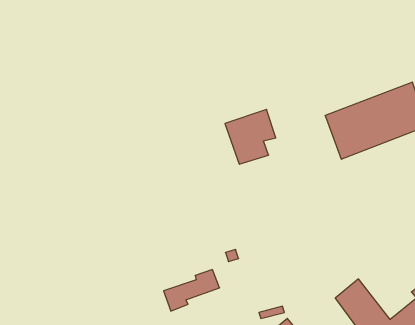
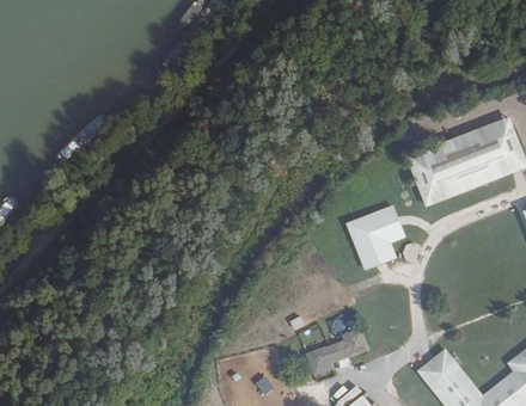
building: [225,109,276,164] -> [345,202,405,266]
building: [164,270,220,311] -> [305,327,371,376]

